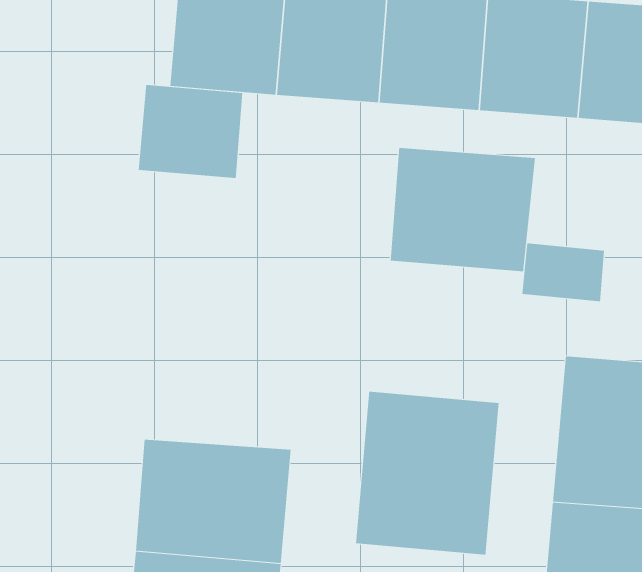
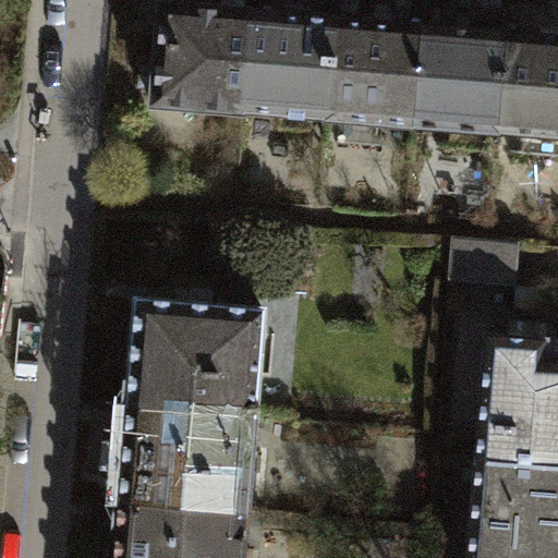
building: [138,84,243,179] -> none
building: [390,147,535,272] -> none
building: none -> [133,305,265,416]
building: [355,391,499,555] -> none

